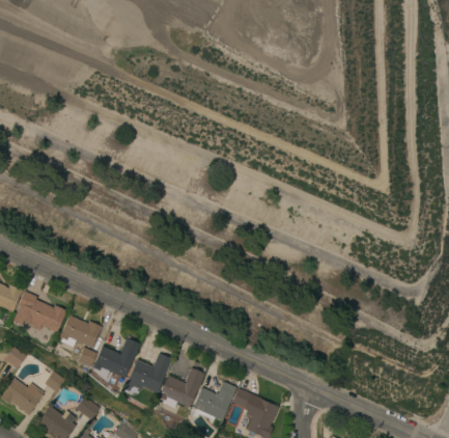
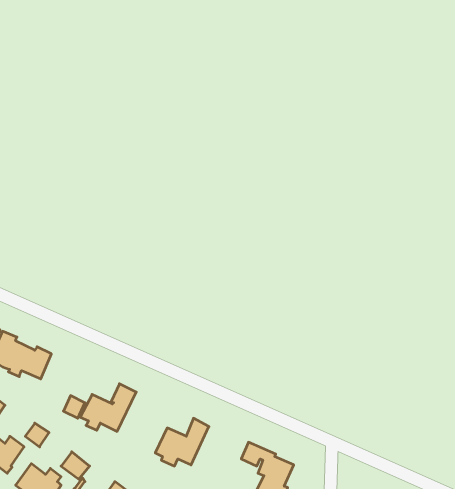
building: [59,316,103,348] -> none
building: [123,353,173,393] -> none
building: [190,382,235,421] -> none

